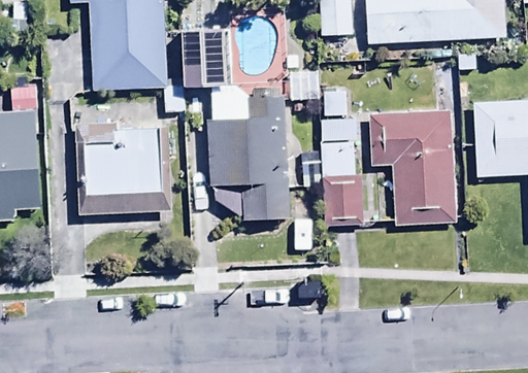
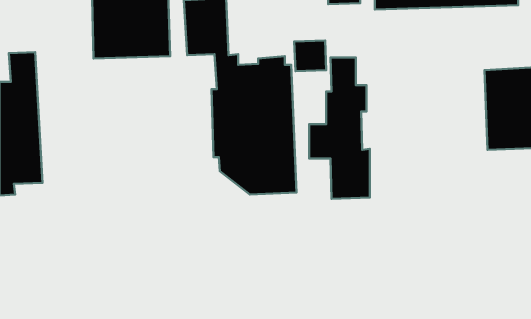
building: [70,104,170,213] -> none
building: [368,112,454,226] -> none

